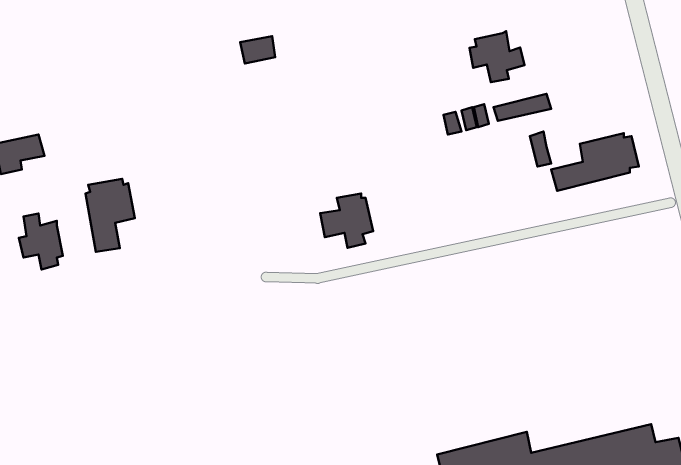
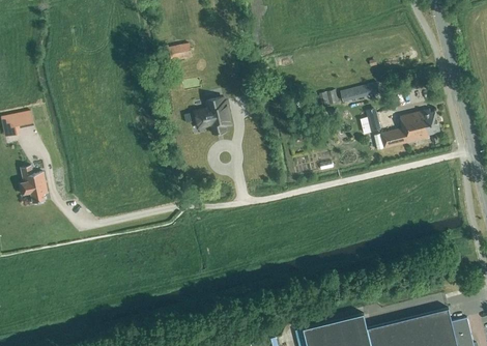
building: [469,31,524,82] -> none
building: [86,179,135,252] -> none
building: [320,193,373,248] -> [195,98,231,136]

